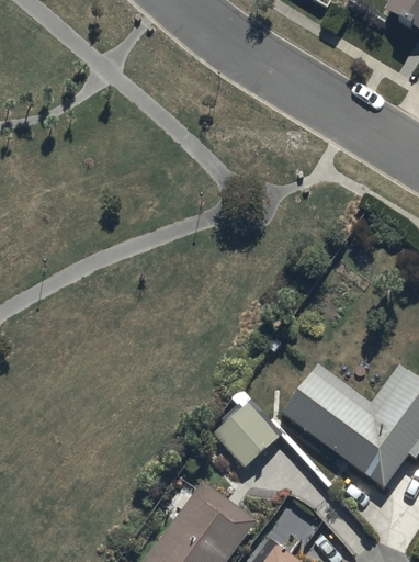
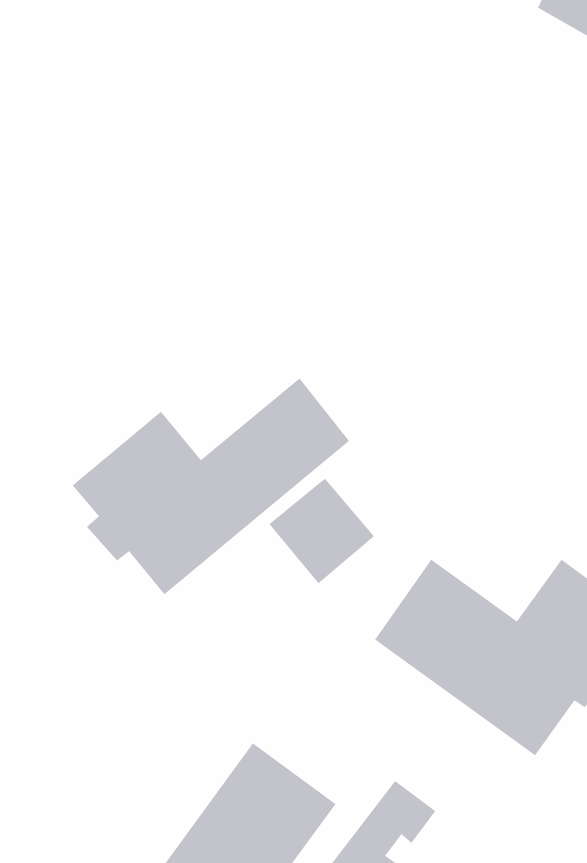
building: none -> [72,378,350,595]
building: [213,398,281,467] -> [268,478,375,584]

